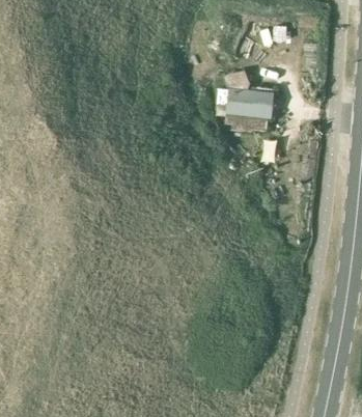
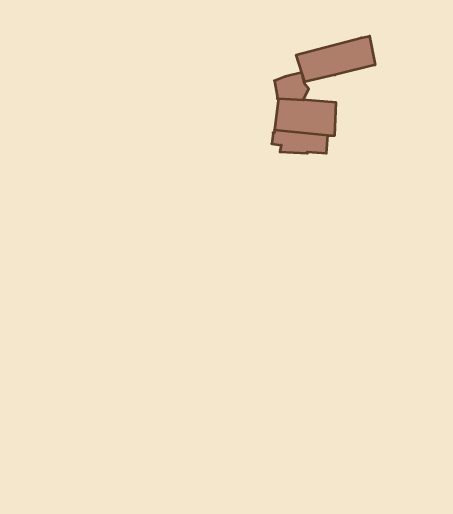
building: none -> [296,36,375,82]

